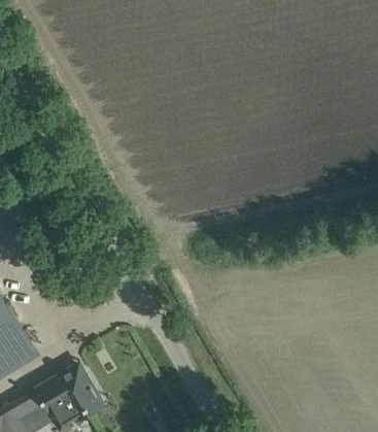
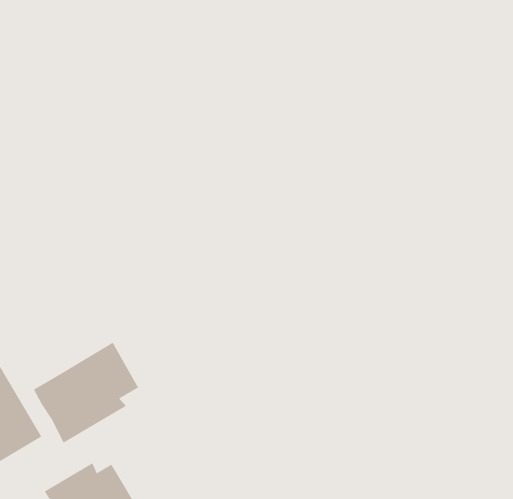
building: none -> [33,342,139,443]

